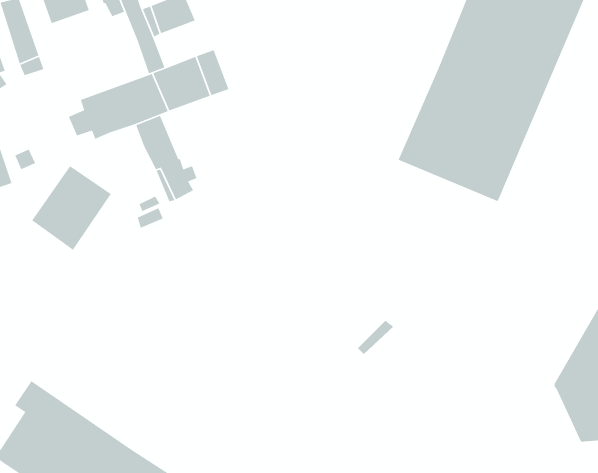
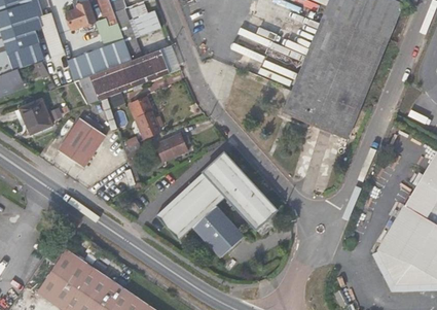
building: none -> [68,39,131,80]
building: none -> [157,132,186,158]
building: none -> [155,150,277,256]

